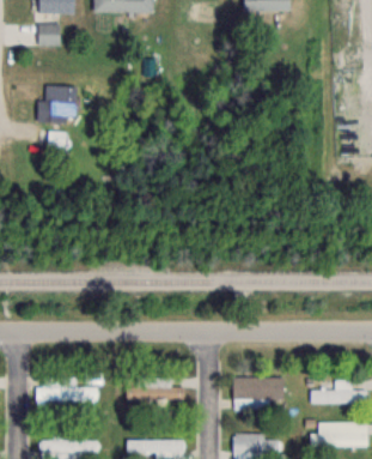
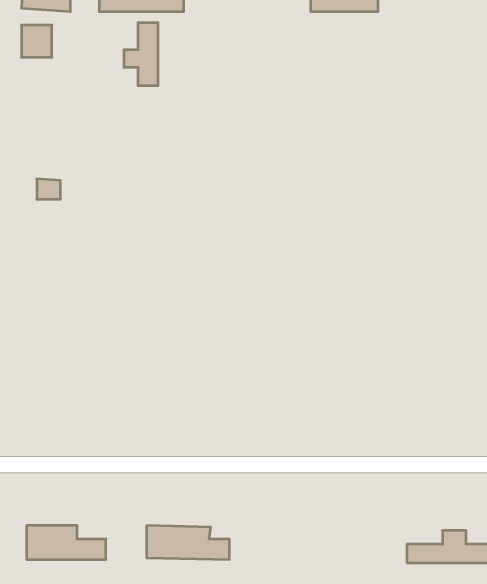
building: none -> [124,22,158,86]
building: [38,87,71,123] -> none
building: [233,378,285,405] -> none

